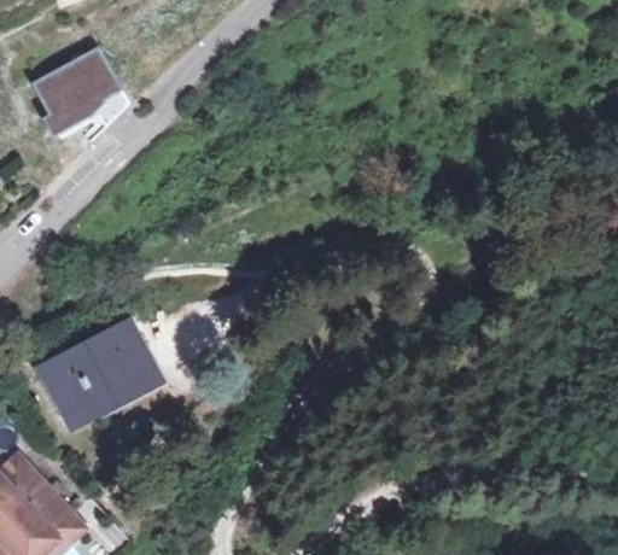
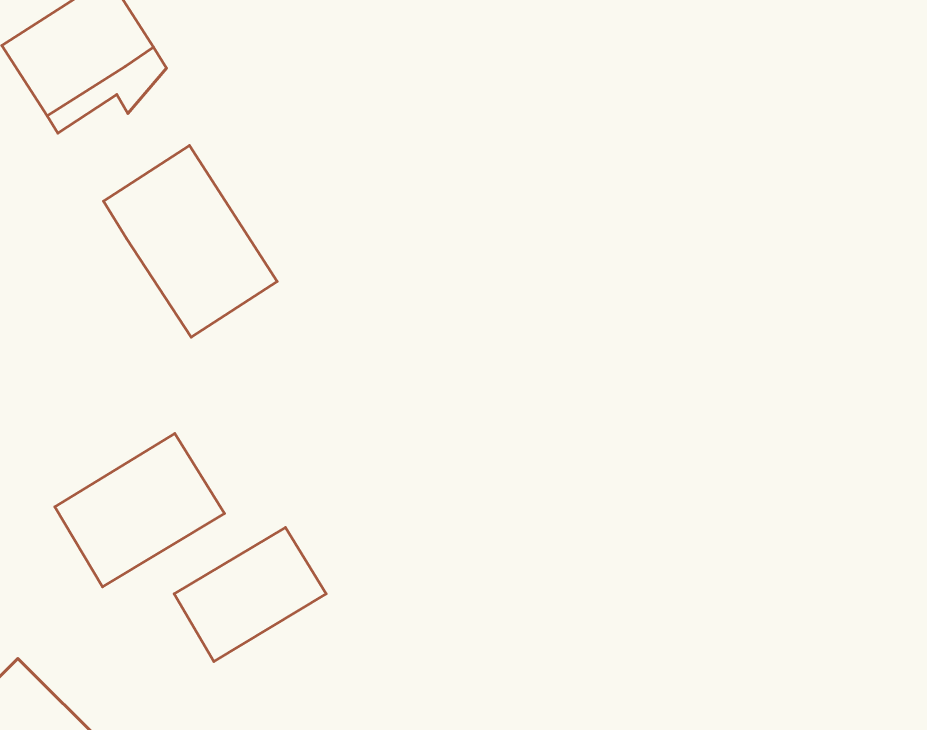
building: none -> [104,146,277,337]
building: none -> [174,528,326,661]

